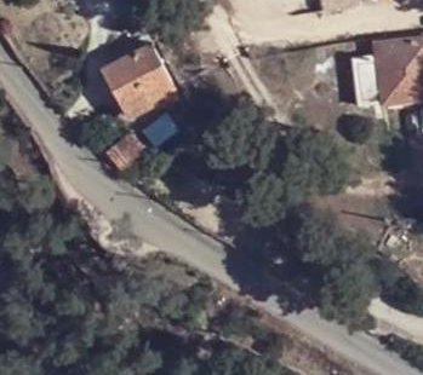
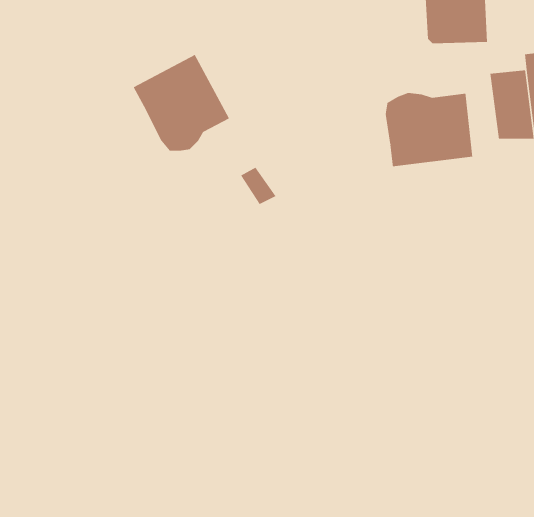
building: none -> [385,92,473,167]

